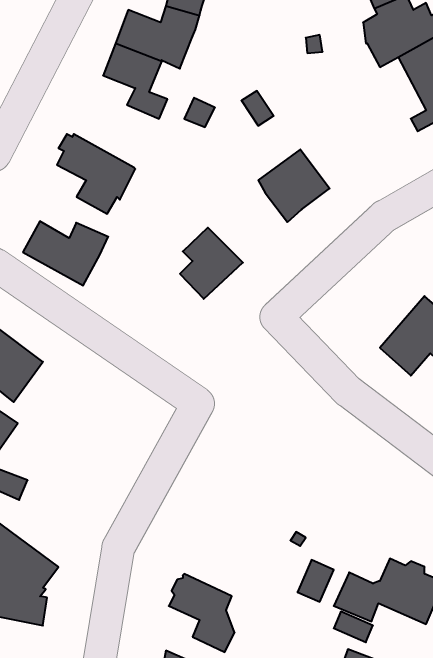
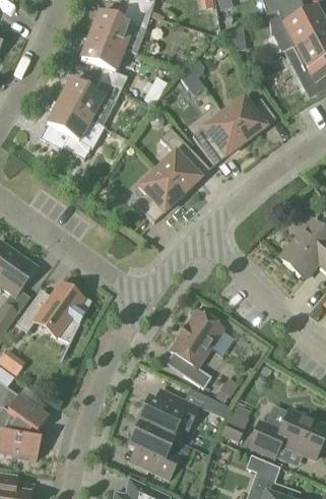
building: none -> [222,97,274,140]
building: none -> [155,127,209,194]
building: [23,221,108,286] -> [58,78,120,125]
building: none -> [14,283,88,342]
building: none -> [169,309,222,386]
building: none -> [136,395,197,437]

